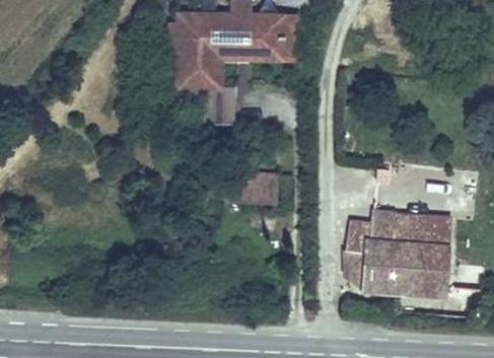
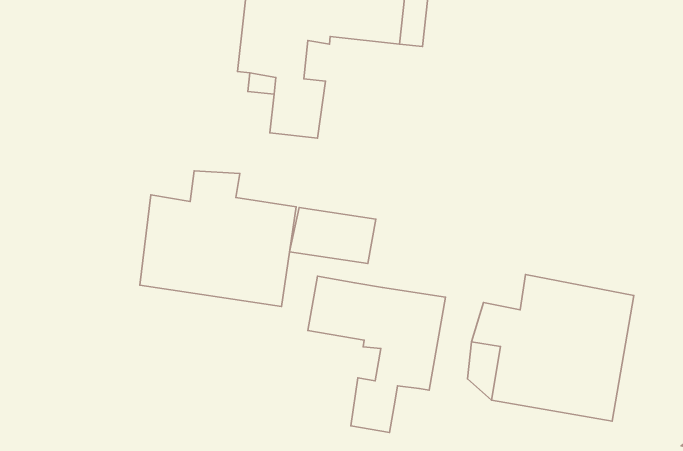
building: none -> [140,171,296,307]
building: none -> [308,276,445,432]

